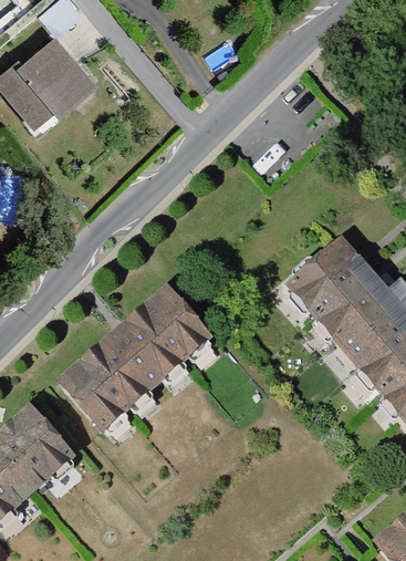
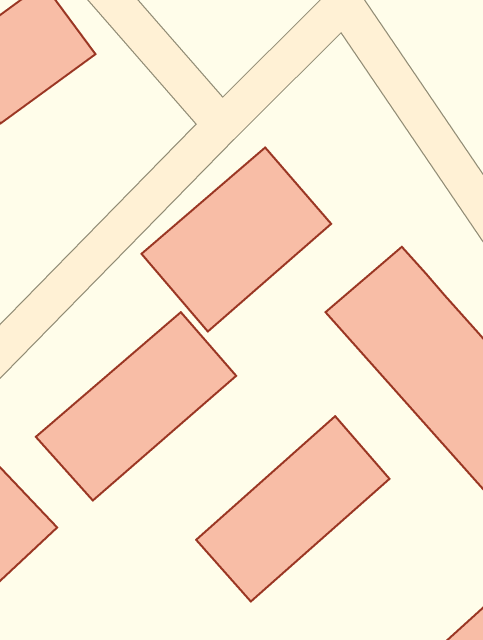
building: none -> [142,148,331,332]
building: none -> [196,416,390,601]

